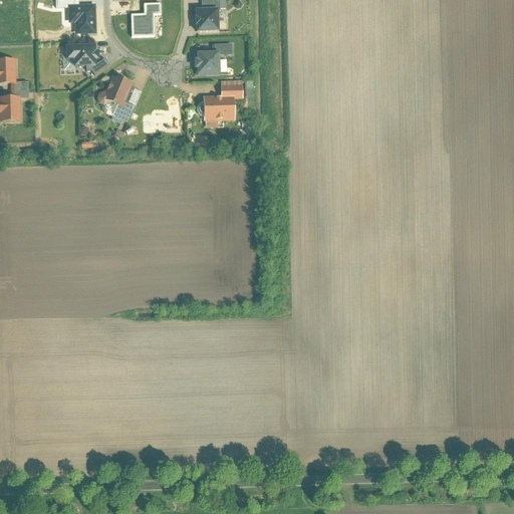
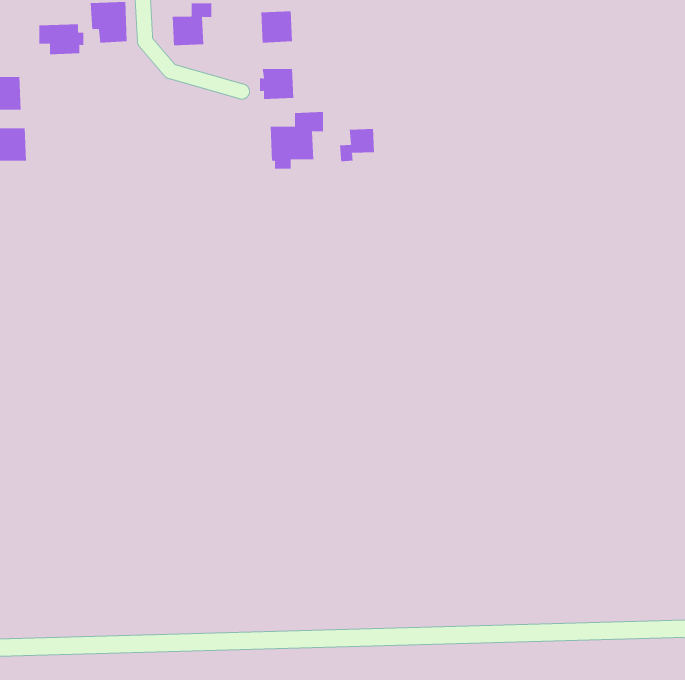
building: [65,44,99,67] -> [38,24,84,55]
building: [96,74,133,106] -> none
building: none -> [339,128,375,162]

